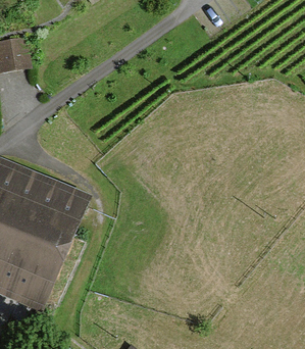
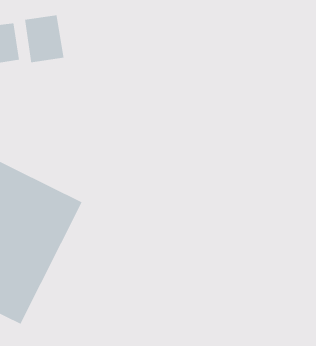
building: none -> [25,15,64,63]

